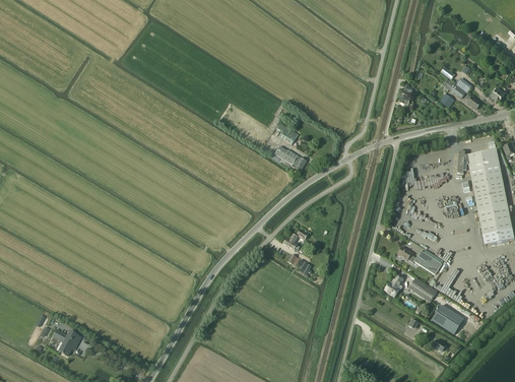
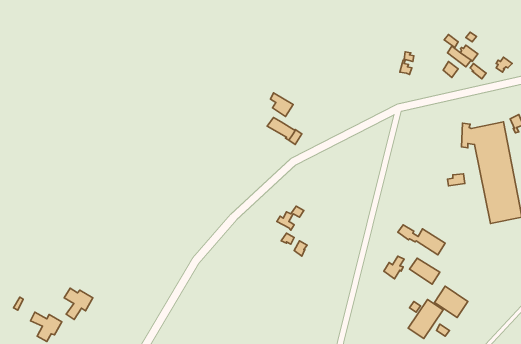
building: none -> [64,288,93,320]
building: none -> [408,299,443,339]

